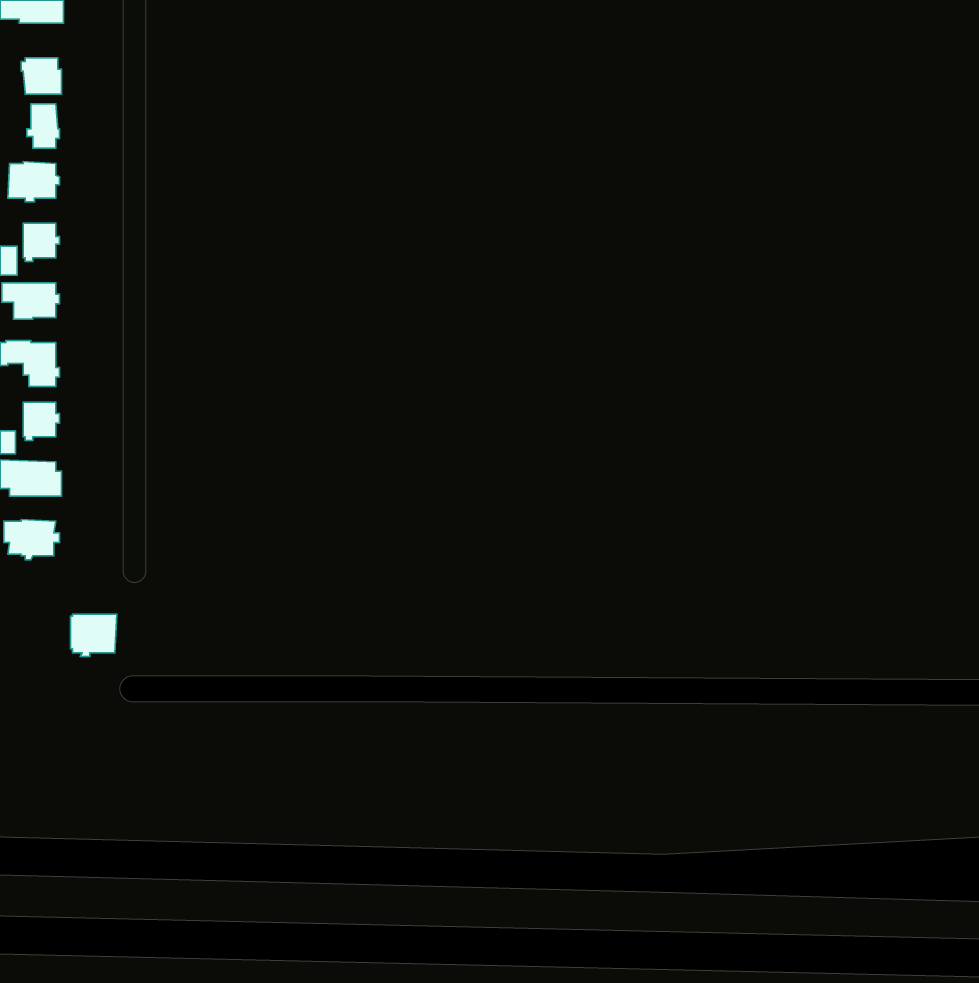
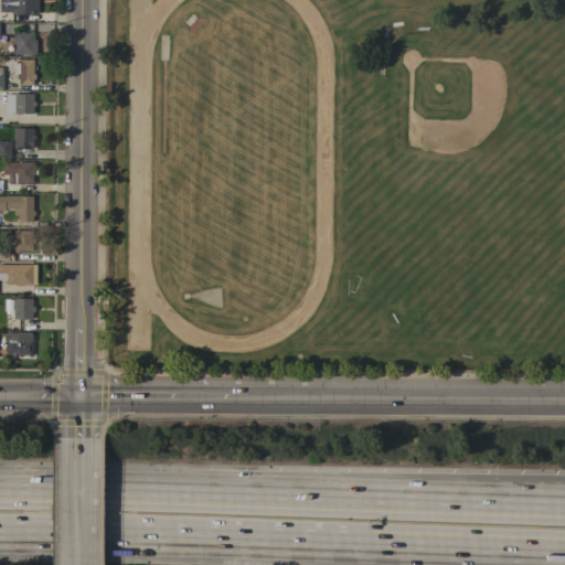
building: [71,614,117,657] -> [8,333,34,358]

